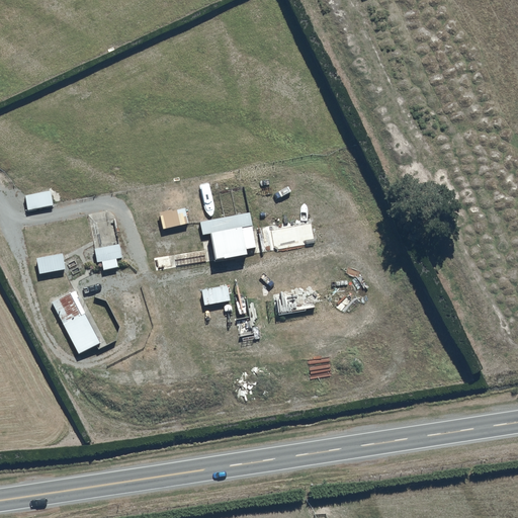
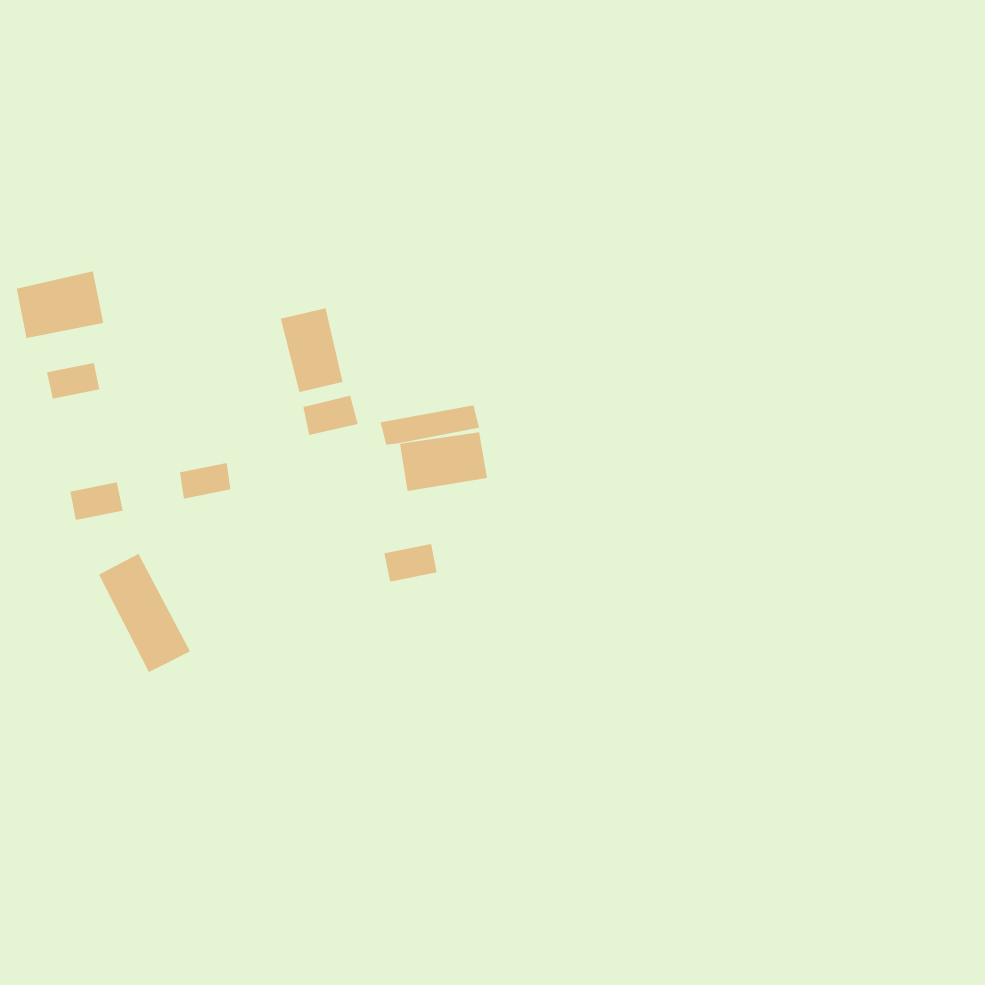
building: none -> [16,271,104,339]
building: none -> [280,307,343,393]

